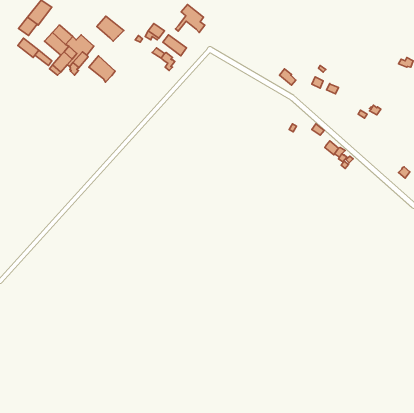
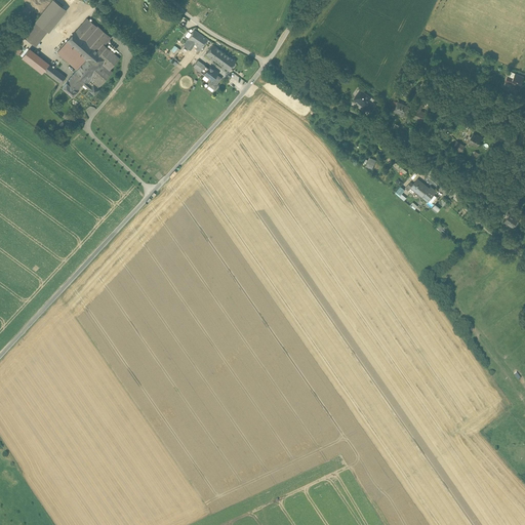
building: [176,5,205,32] -> none
building: [97,16,124,41] -> [76,19,110,51]
building: [89,56,115,82] -> none

